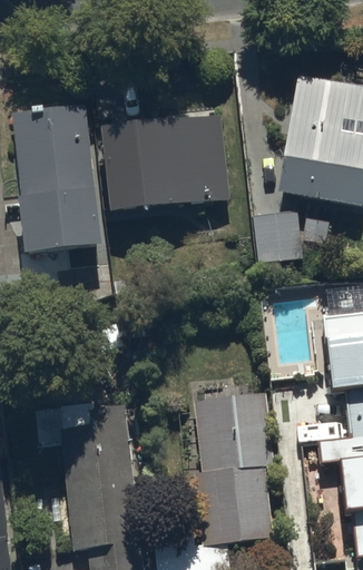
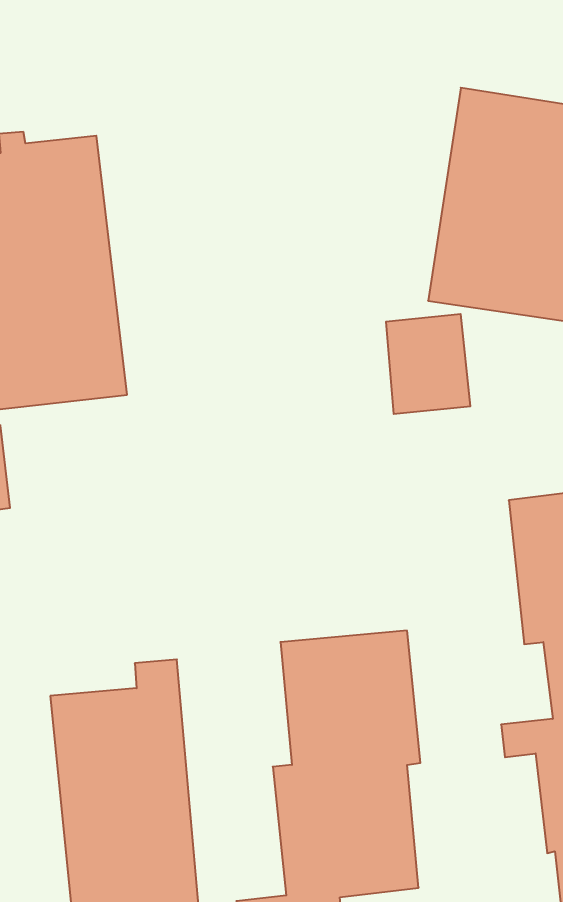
building: [100,111,233,218] -> none

